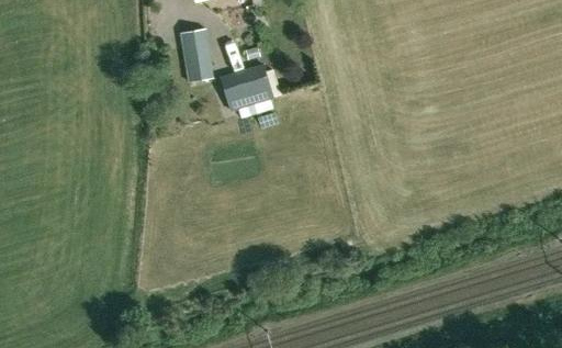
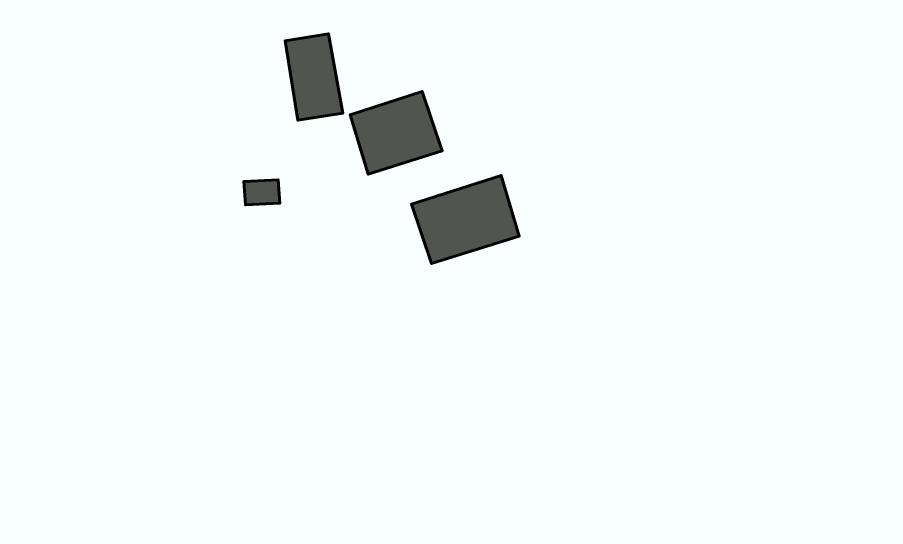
building: none -> [412,176,519,263]

